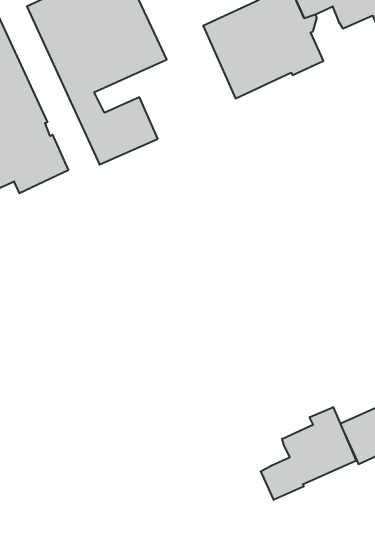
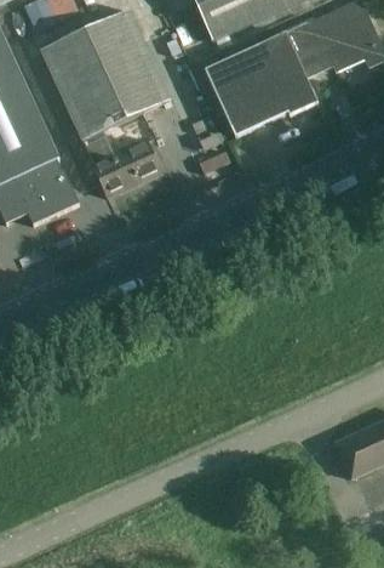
building: [261,407,356,500] -> none

